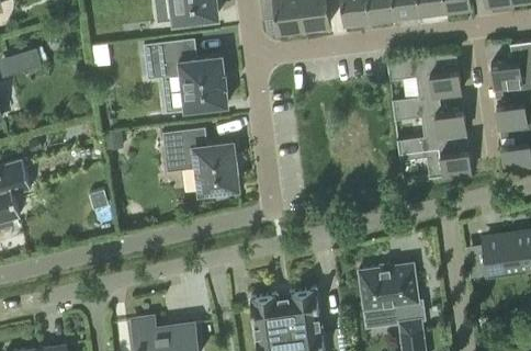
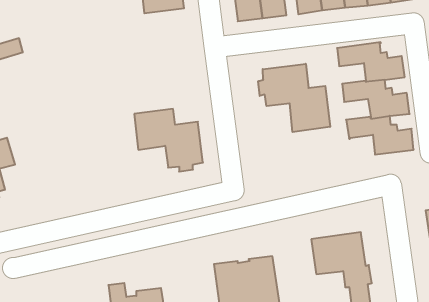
building: [144,38,228,110] -> none
building: none -> [258,64,330,132]

